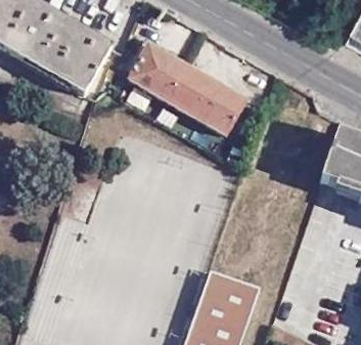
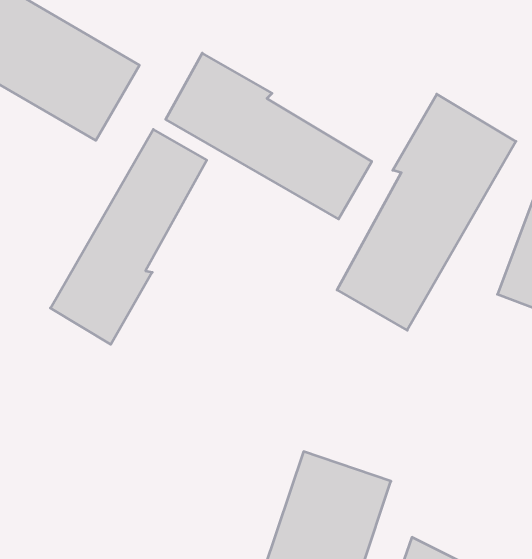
building: none -> [337,94,516,330]
building: none -> [50,129,207,344]

